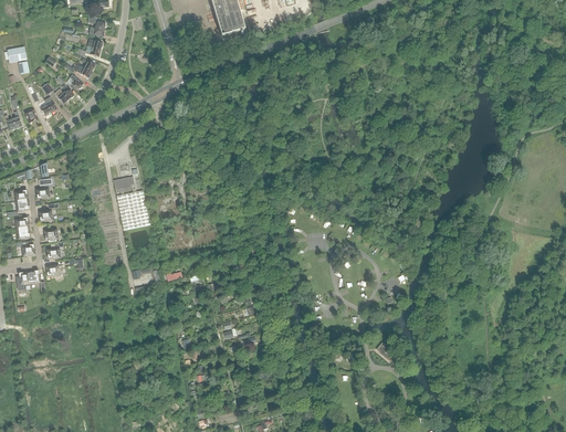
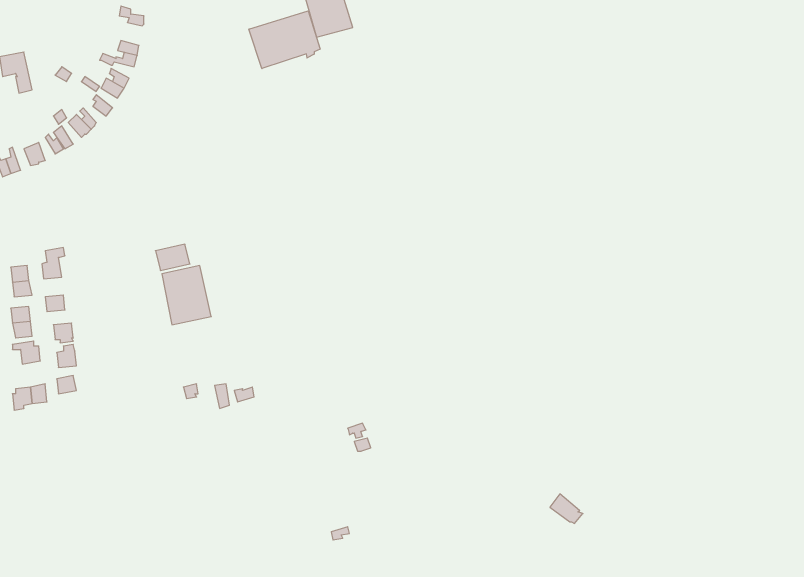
building: none -> [249,11,320,69]

